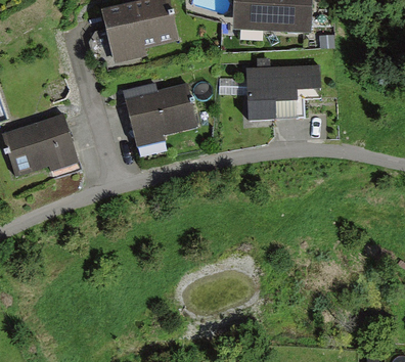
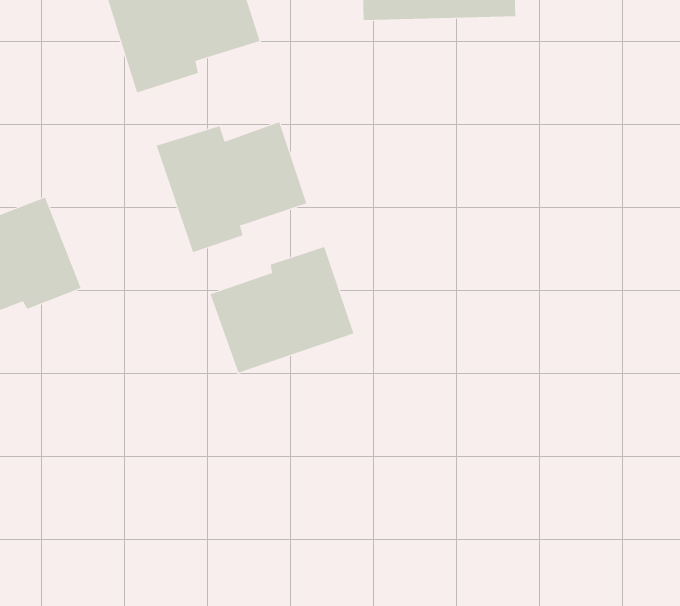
building: [245,63,321,120] -> none
building: none -> [210,246,354,374]

